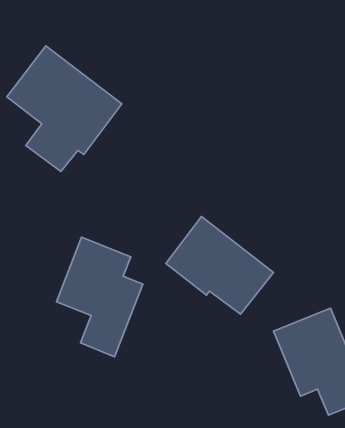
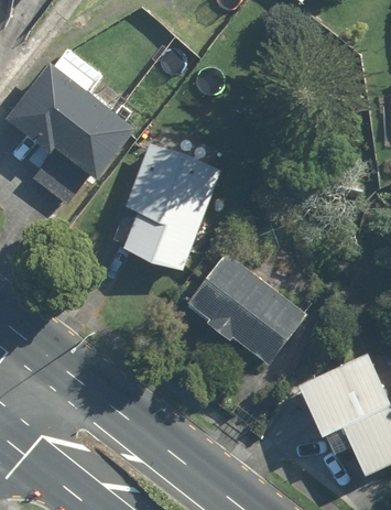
building: none -> [123,145,219,272]
building: [56,237,143,357] -> none

